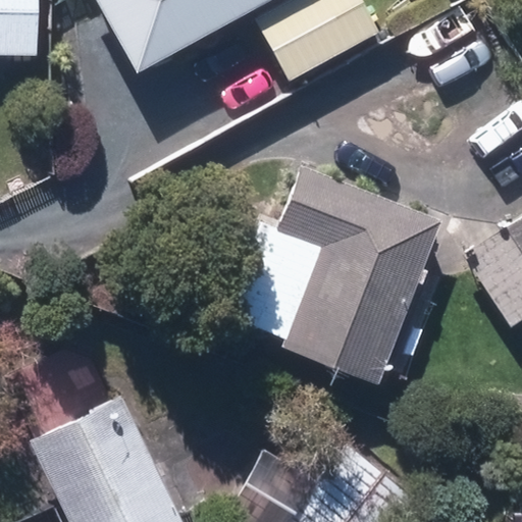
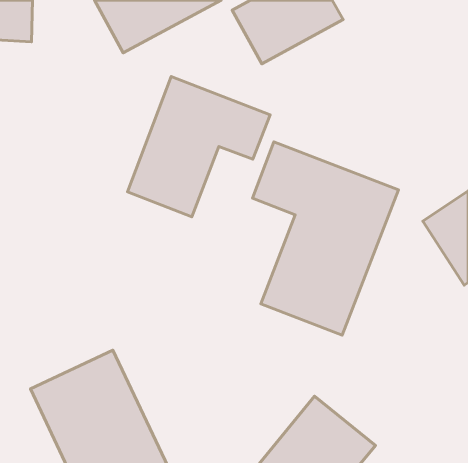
building: none -> [127,77,270,217]

